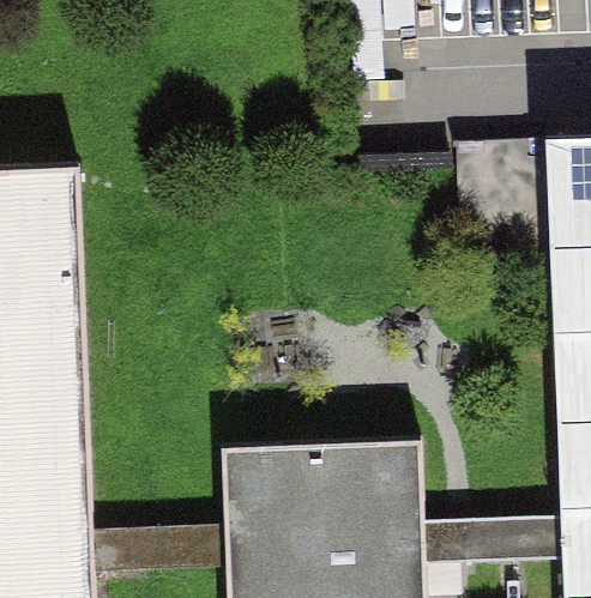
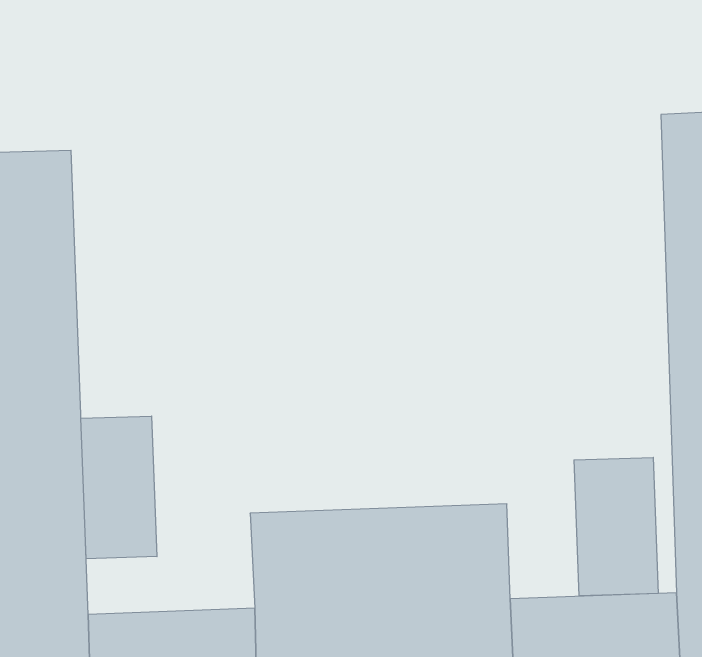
building: none -> [81,416,157,559]
building: none -> [574,457,658,596]

